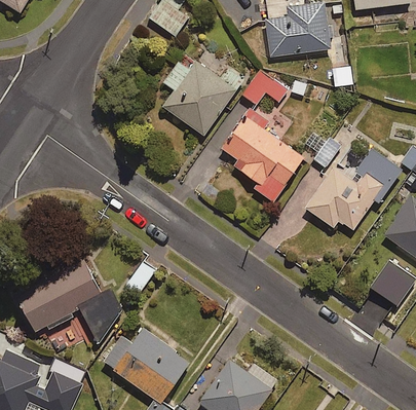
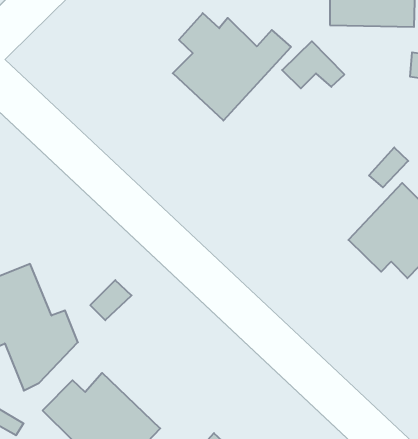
building: [224,118,304,201] -> none

